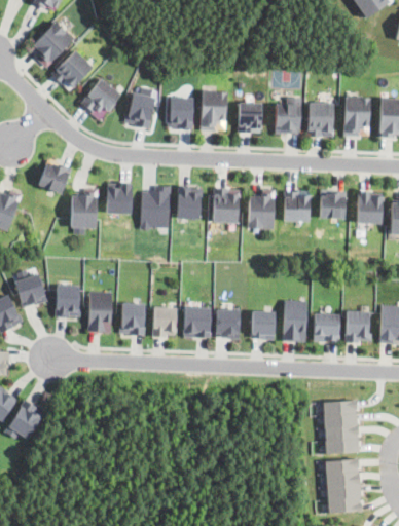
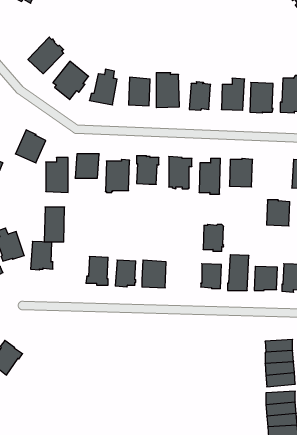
building: [32,21,74,68] -> none
building: [320,189,347,219] -> [267,200,290,226]
building: [87,292,111,332] -> [44,207,65,242]
building: [216,308,240,339] -> [203,224,224,251]

